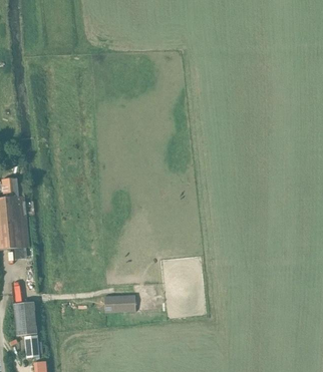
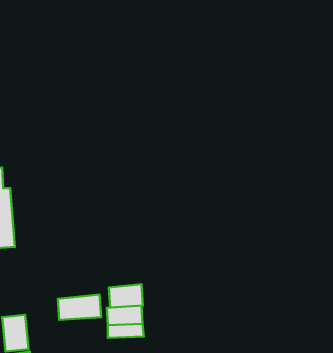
building: none -> [109,284,143,308]
building: none -> [58,295,101,320]

